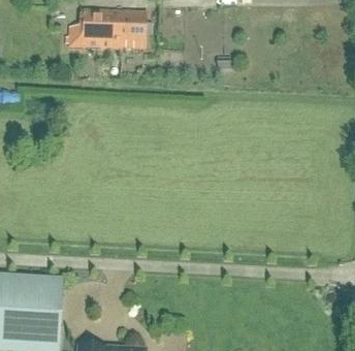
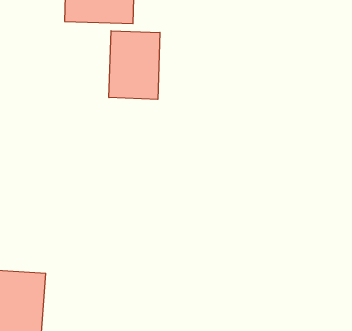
building: none -> [109,31,160,99]

